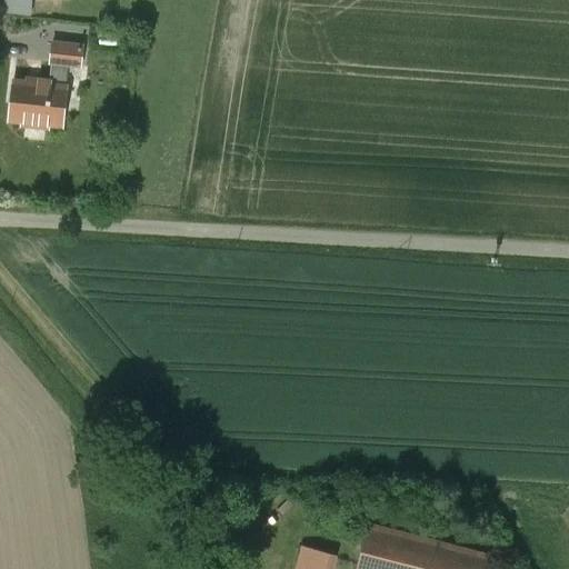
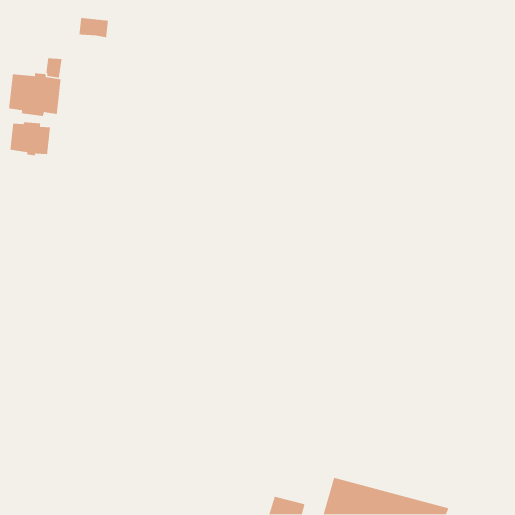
building: [50,43,83,67] -> [79,17,109,38]
building: none -> [9,121,51,156]

